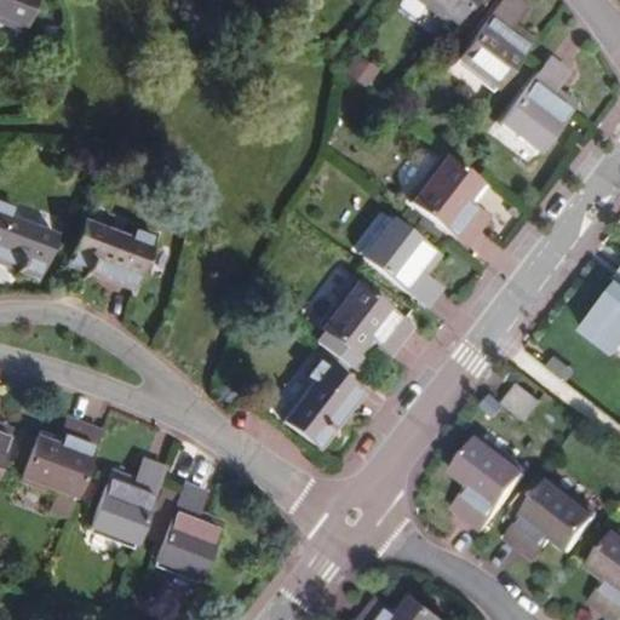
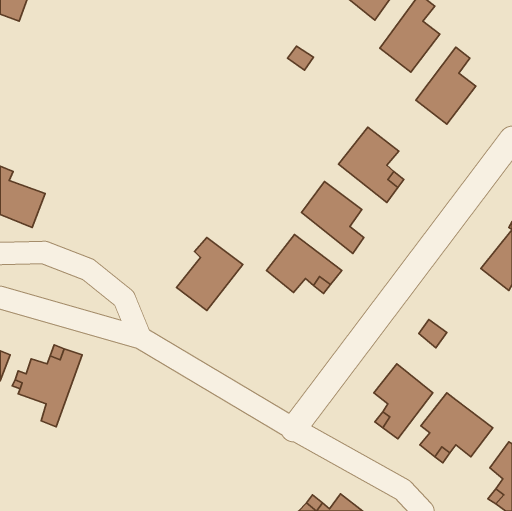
building: [68,207,149,286] -> none
building: [283,358,363,447] -> [177,237,243,311]
building: [91,459,163,542] -> none
building: [155,483,220,574] -> none

